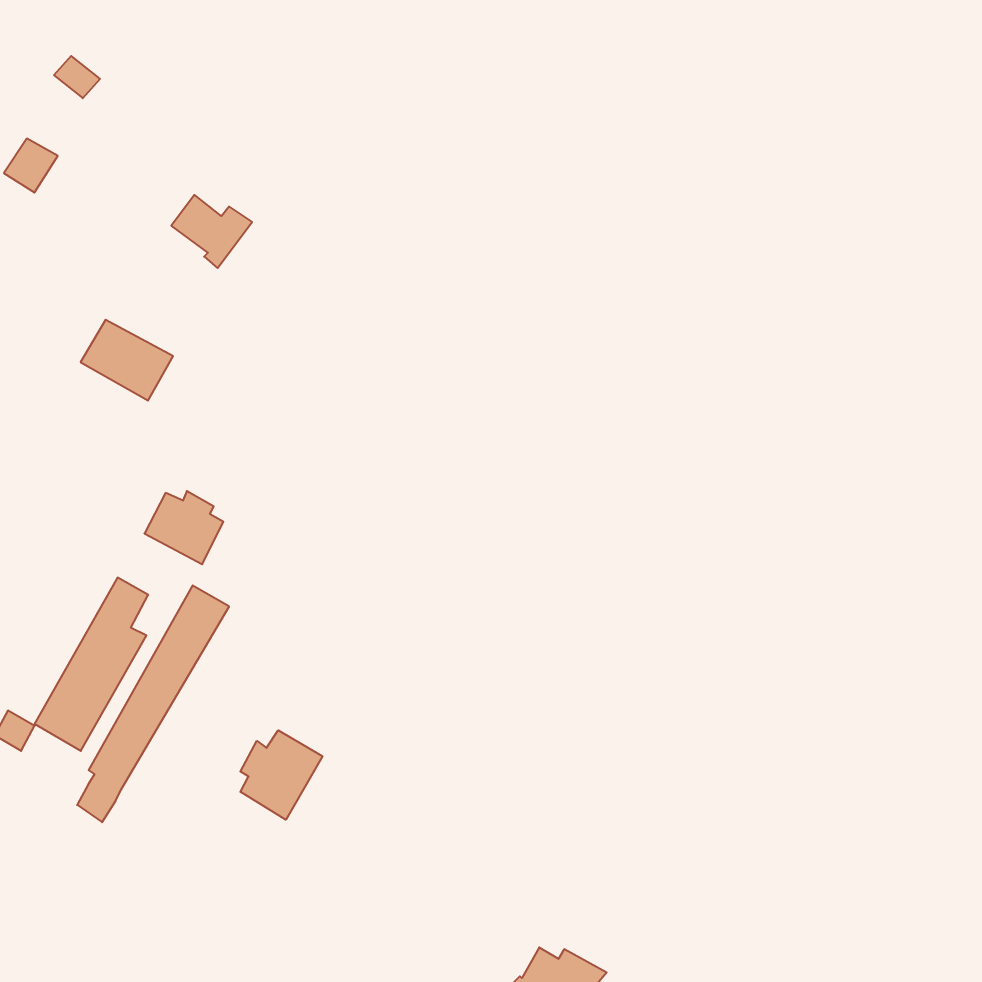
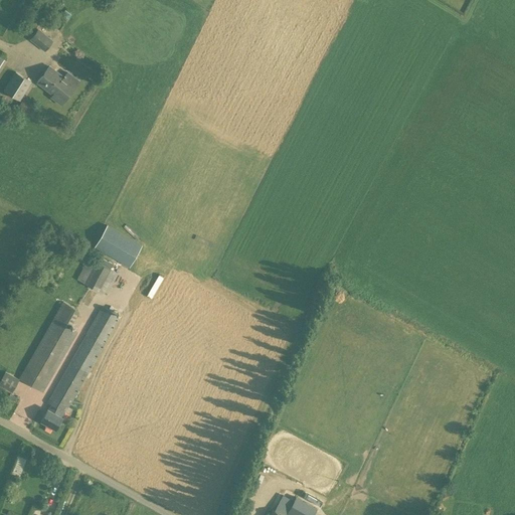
building: [171,195,252,268] -> [36,67,78,106]
building: [81,320,173,401] -> [93,226,141,269]
building: [240,730,322,820] -> none

